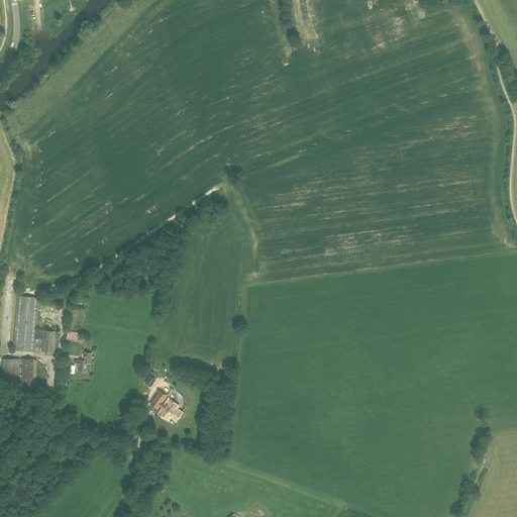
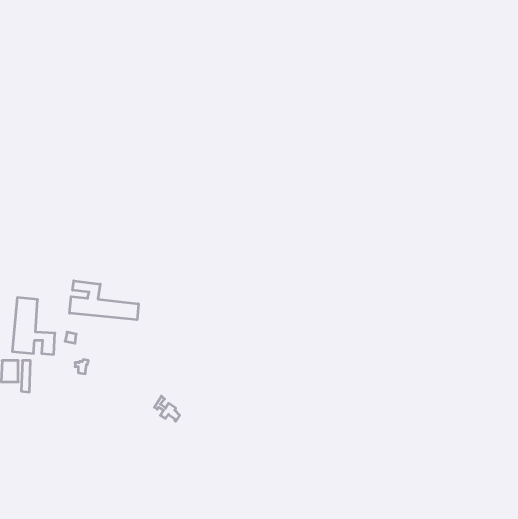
building: none -> [70,281,138,320]

